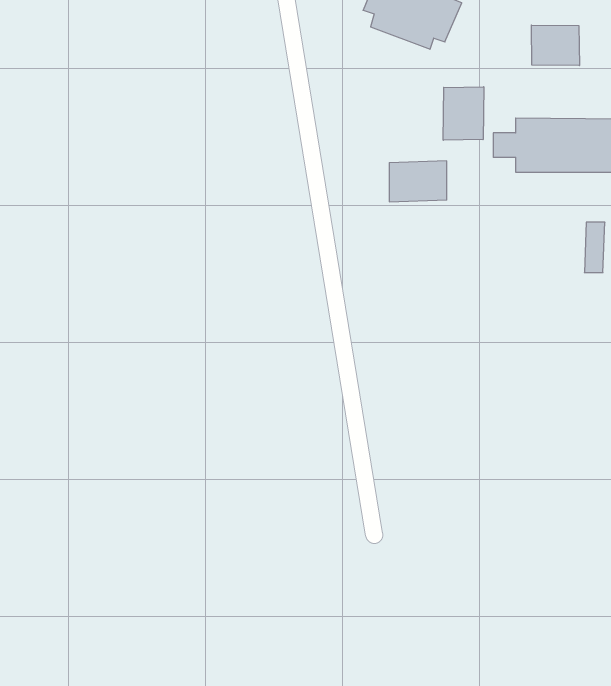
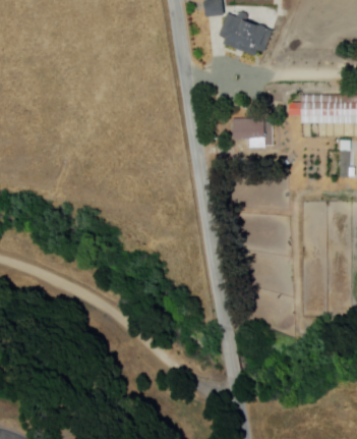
building: [531,25,579,66] -> none
building: [443,87,484,140] -> none

